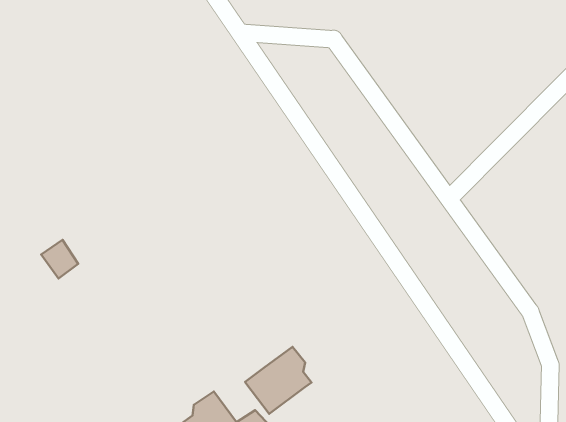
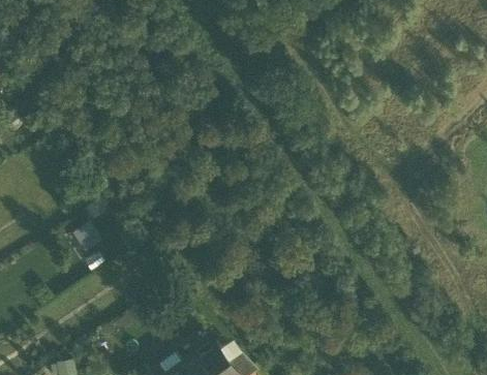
building: [245,347,311,414] -> none

